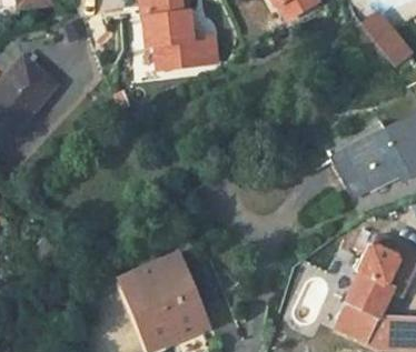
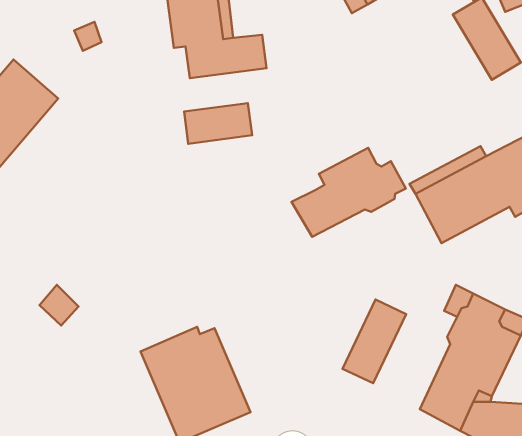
building: none -> [184,103,252,144]
building: none -> [292,148,406,237]
building: none -> [343,300,406,383]

